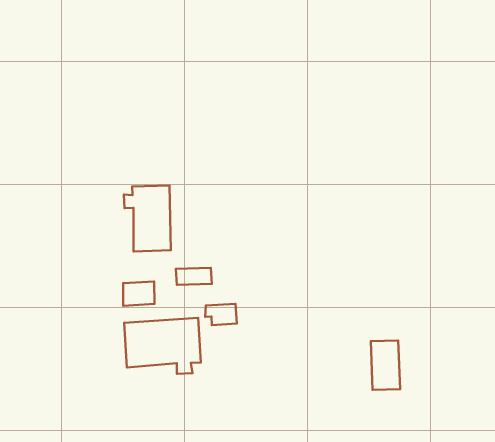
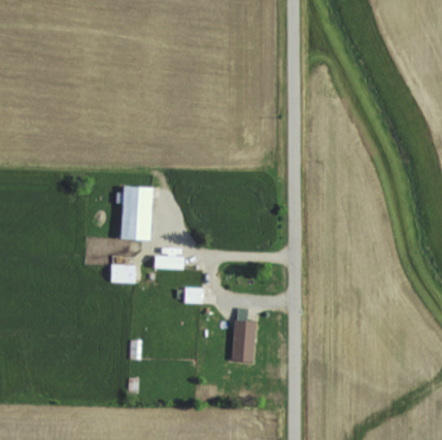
building: [124,318,201,374] -> none
building: [371,341,400,390] -> [232,320,256,362]

